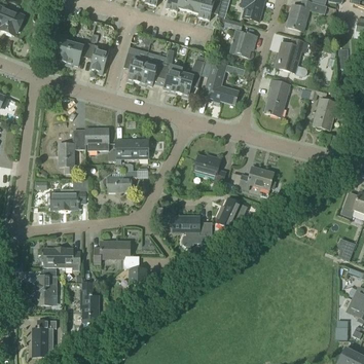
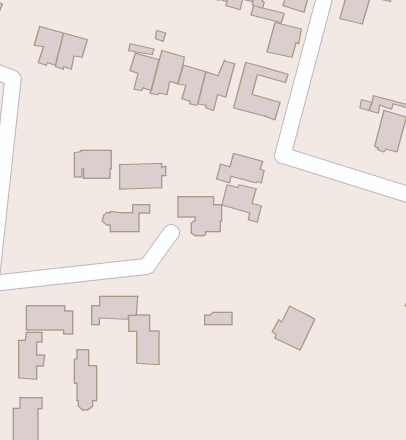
building: [86,33,109,74] -> none
building: [277,39,307,75] -> none
building: [263,79,290,117] -> none
building: [59,131,80,174] -> none
building: [239,167,276,189] -> [216,154,264,183]
building: [47,180,88,210] -> none
building: [215,197,248,231] -> [272,306,315,350]
building: [172,216,206,246] -> [178,197,222,235]

